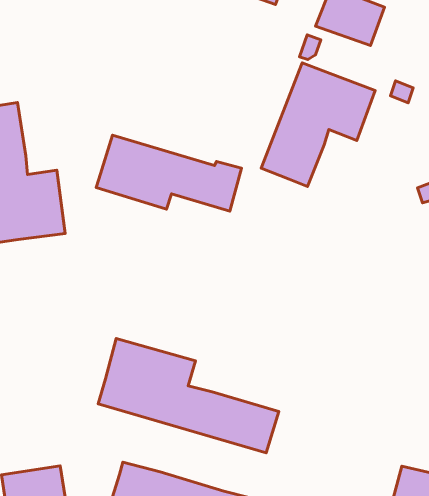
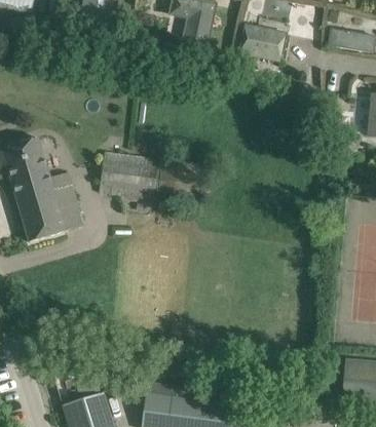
building: [261,63,375,186] -> none
building: [98,339,279,453] -> none

